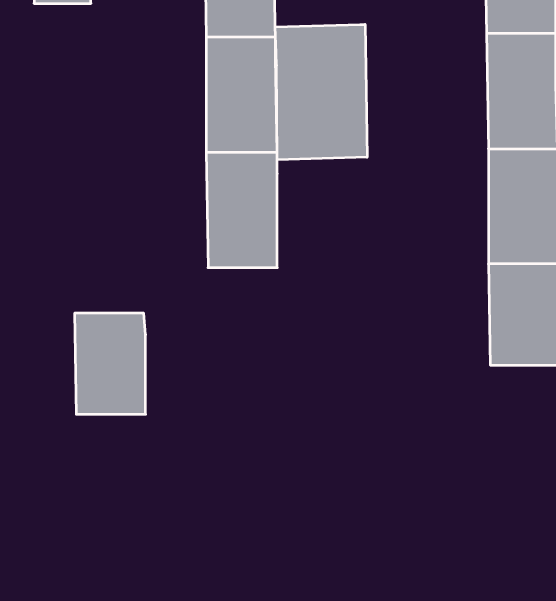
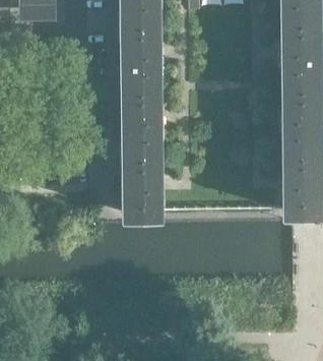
building: [275,24,367,160] -> none
building: [75,313,146,414] -> [122,166,163,224]

